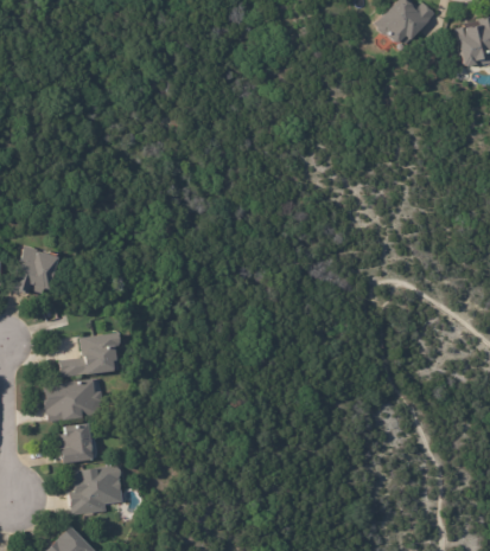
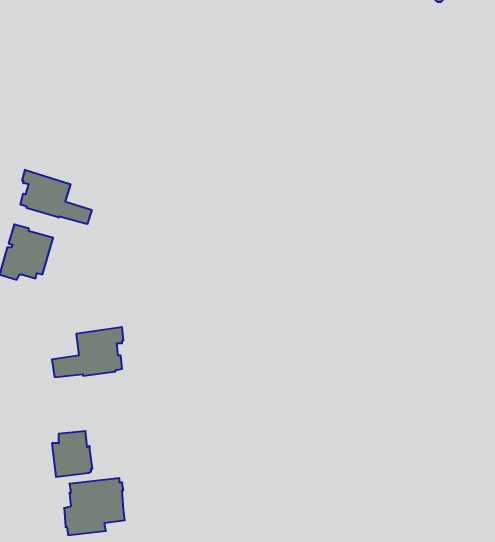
building: none -> [20,170,92,224]
building: [43,377,104,422] -> none

